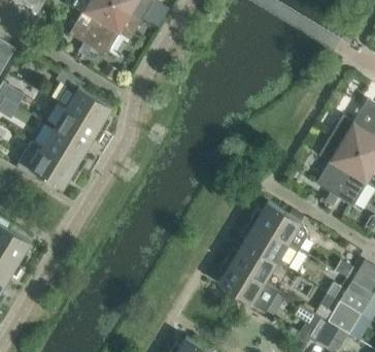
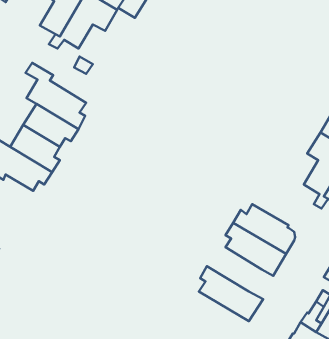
building: [226,242,277,283] -> none

